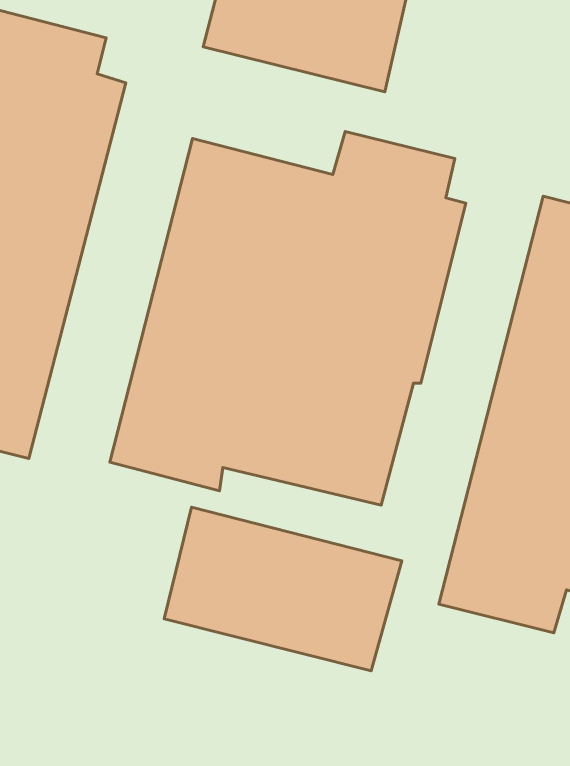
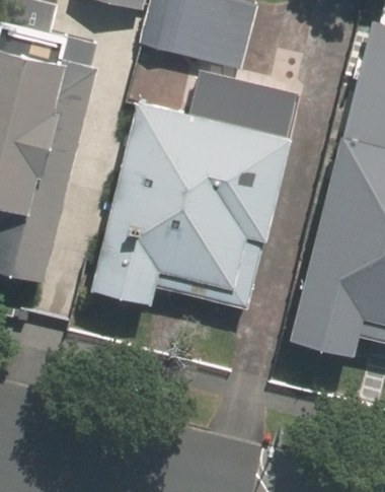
building: [164,507,402,671] -> none

